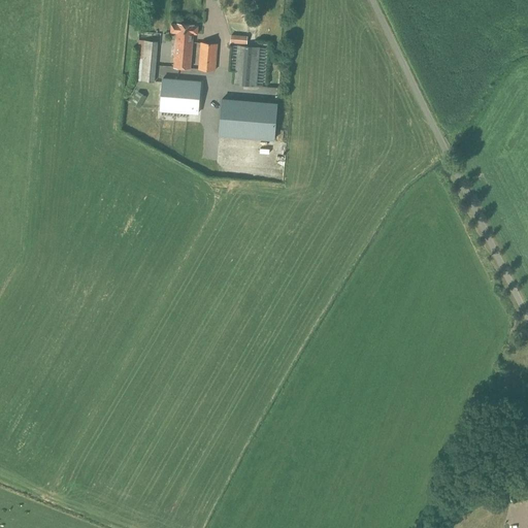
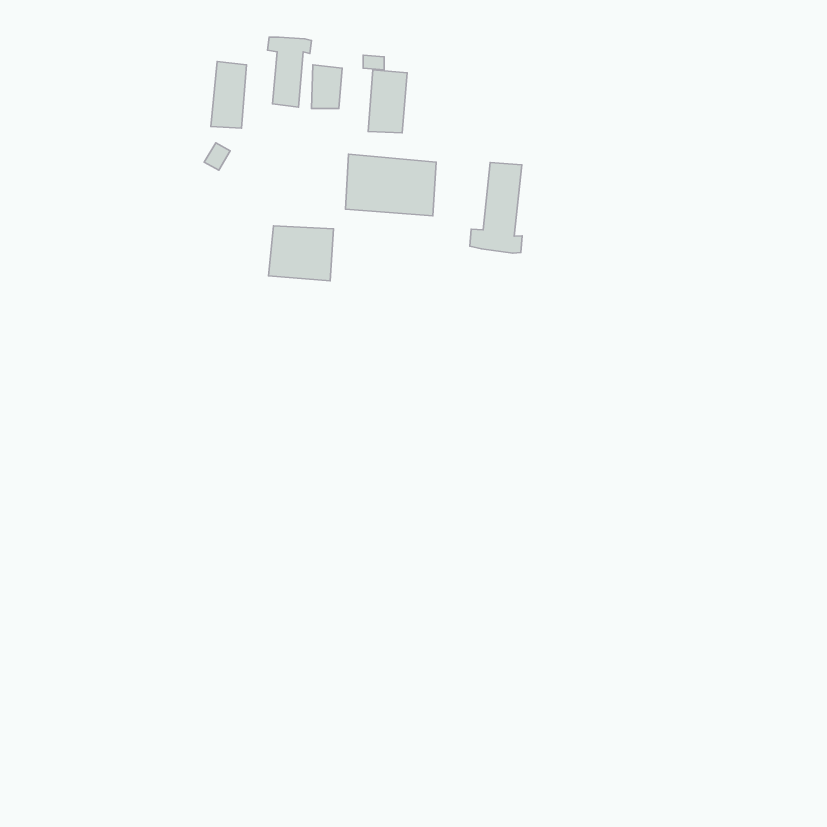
building: [159,79,200,114] -> [269,226,334,281]
building: none -> [470,162,522,253]

